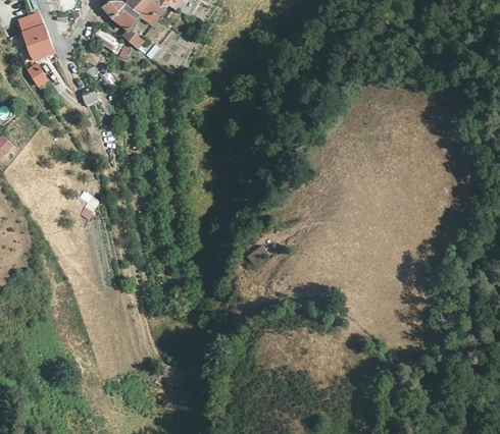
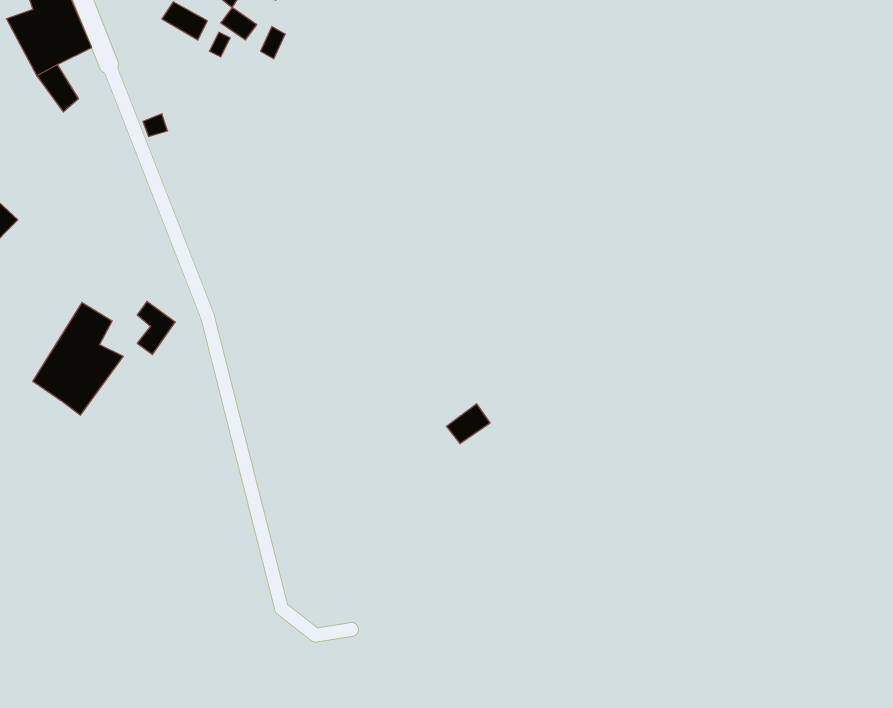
building: none -> [33,302,123,415]

